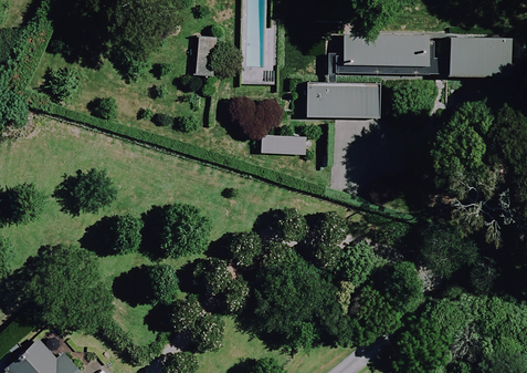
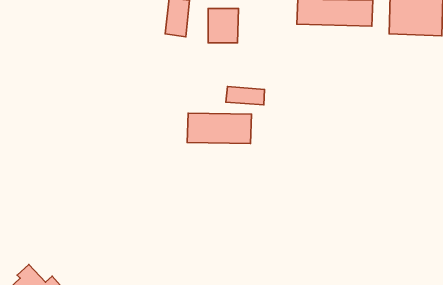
building: [306,84,379,118] -> [187,113,251,143]

